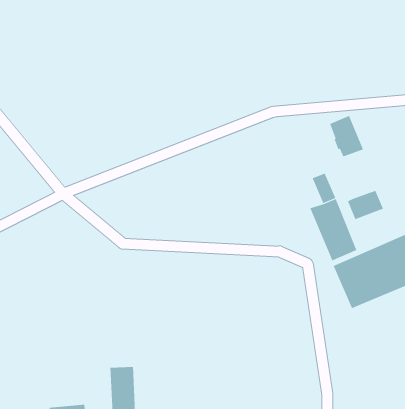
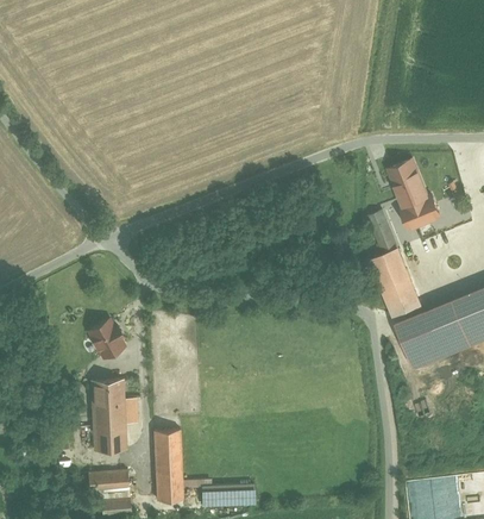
building: [347,190,384,220] -> [401,196,440,229]
building: none -> [89,321,125,358]
building: none -> [92,381,127,452]

